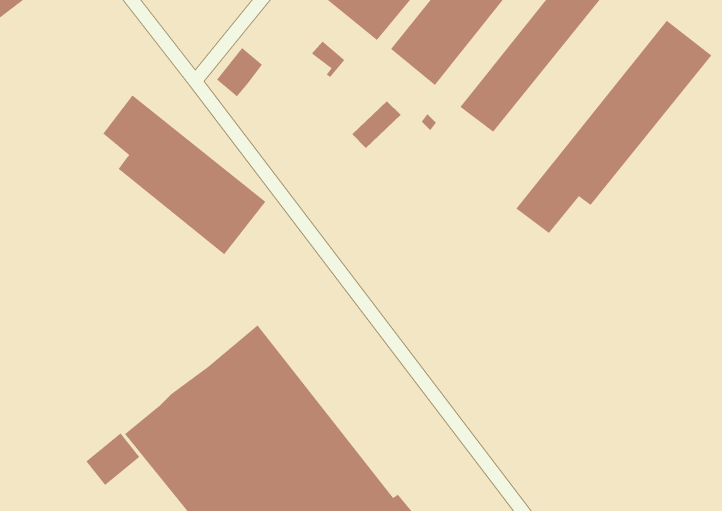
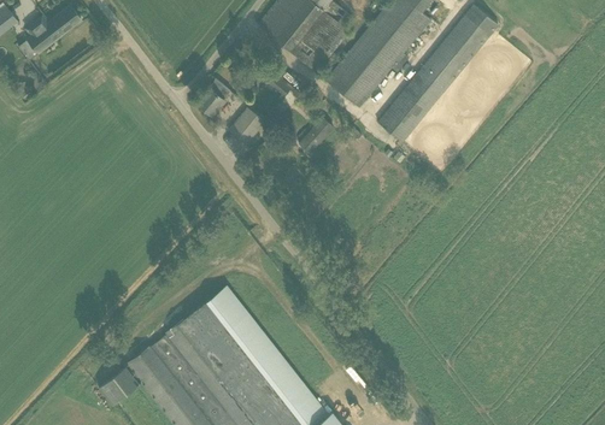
building: [515,20,712,234] -> none
building: none -> [230,107,265,144]
building: [103,95,266,255] -> none

